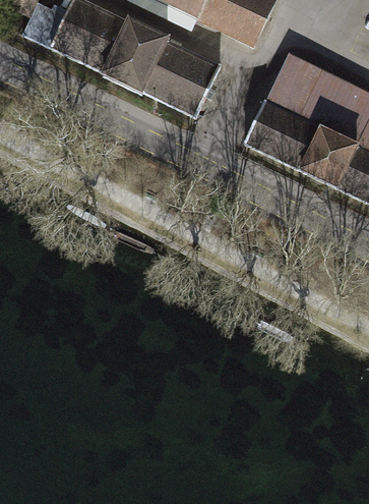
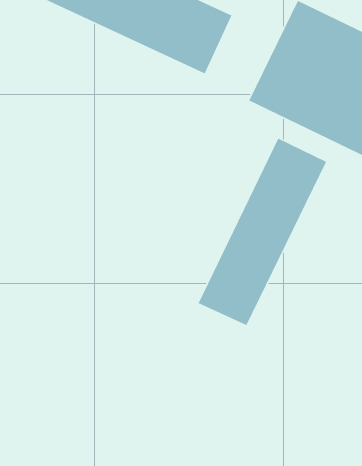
building: none -> [197,137,327,326]

